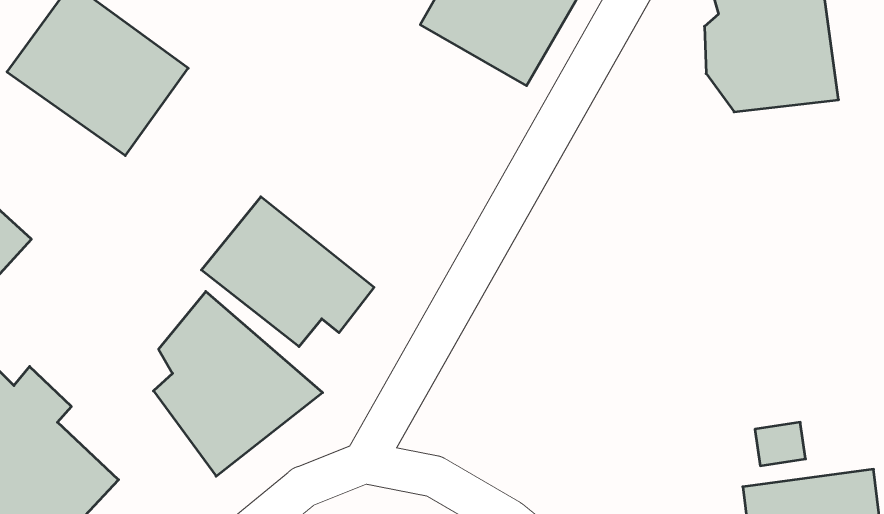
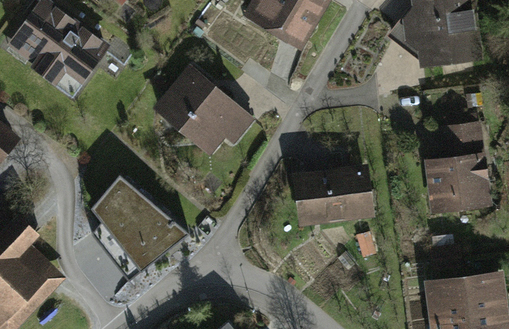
building: [201,197,374,347] -> [153,67,252,153]
building: none -> [424,123,488,213]
building: none -> [294,165,373,226]

